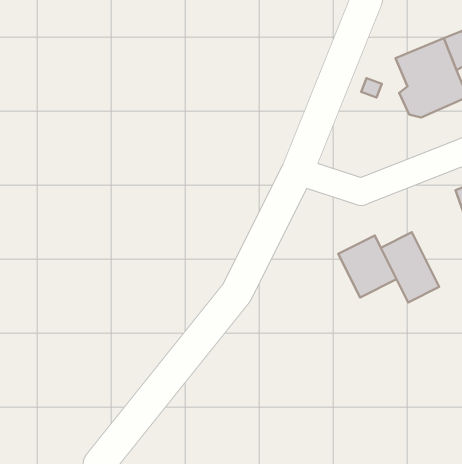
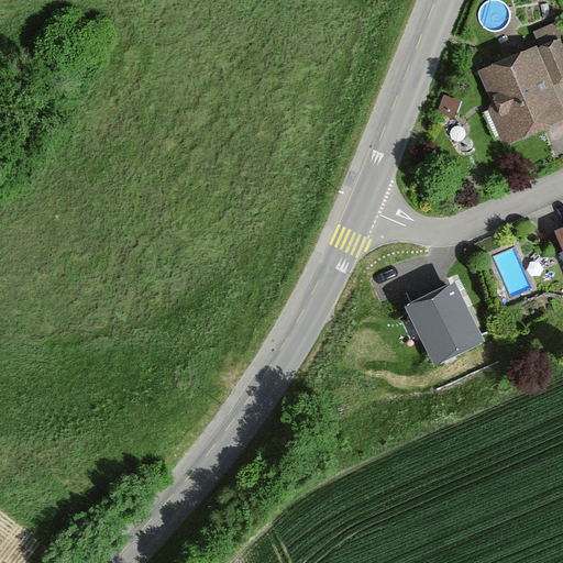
building: [381,232,439,302] -> none

